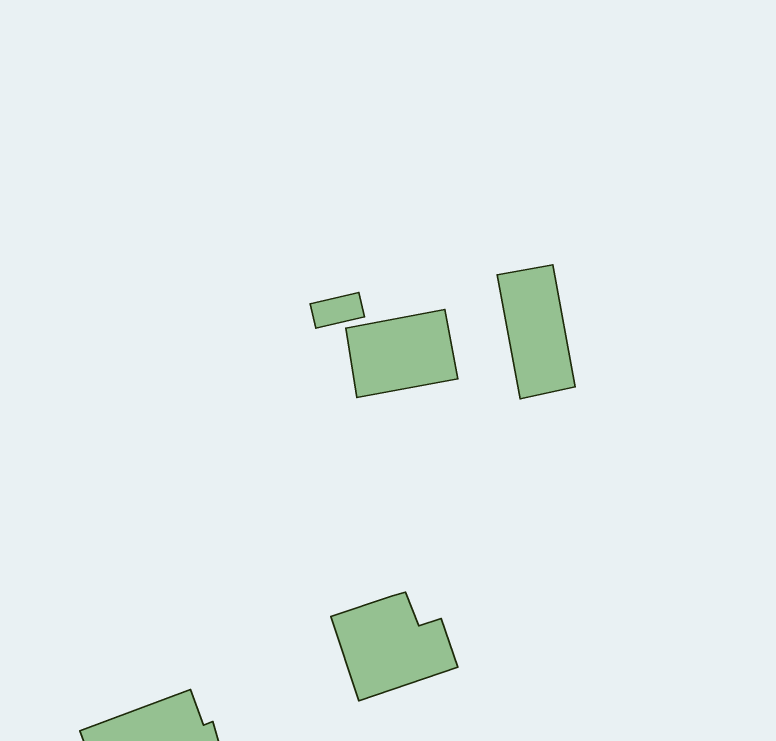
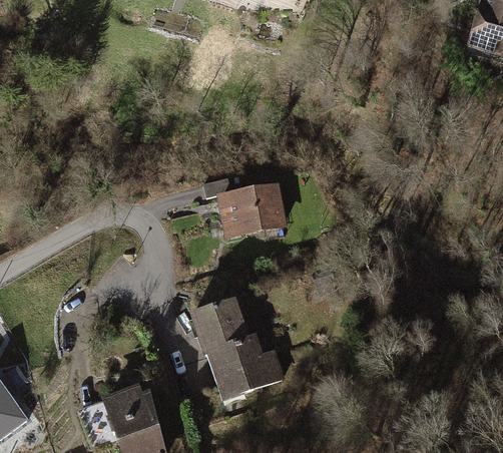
building: [497,265,575,399] -> none
building: none -> [193,301,247,355]

